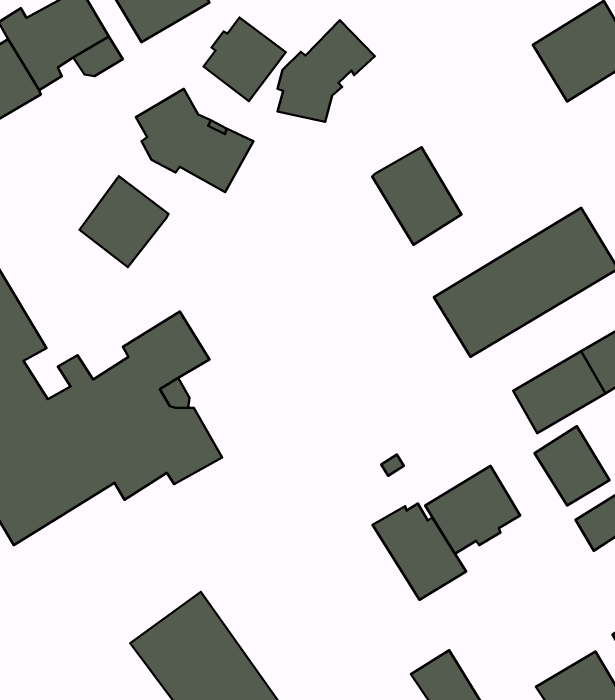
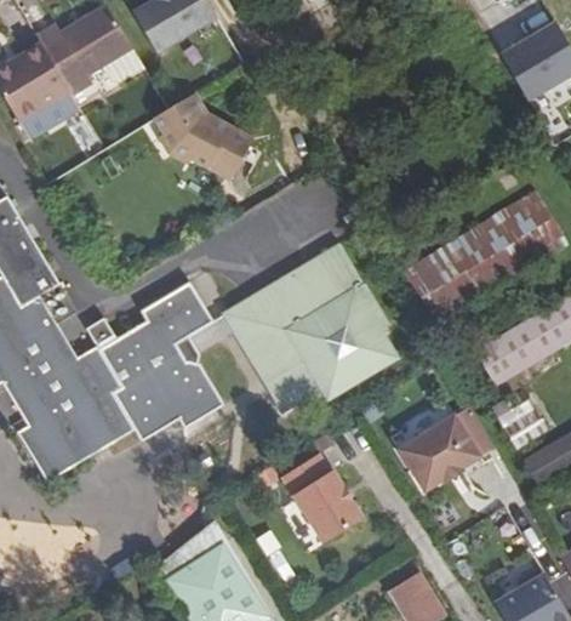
building: [204,17,286,101] -> none
building: [277,20,375,122] -> none
building: [372,147,462,245] -> none
building: [80,176,169,267] -> none
building: none -> [218,245,394,417]
building: [373,503,466,600] -> [284,456,364,539]

